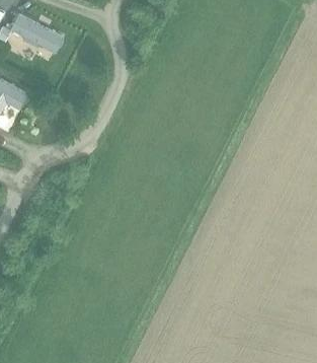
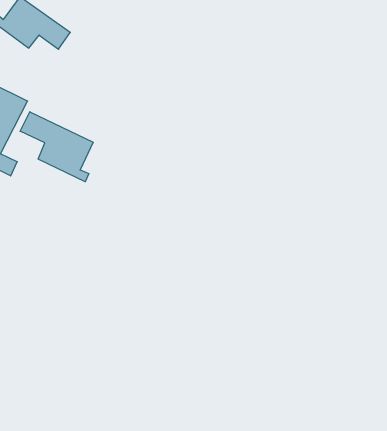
building: none -> [20,112,93,182]

